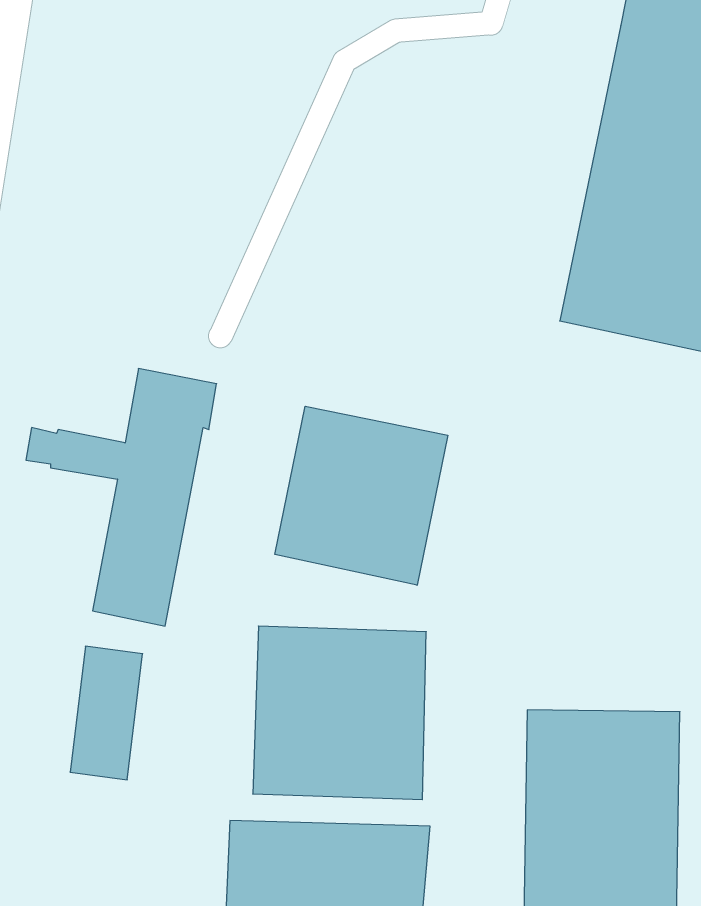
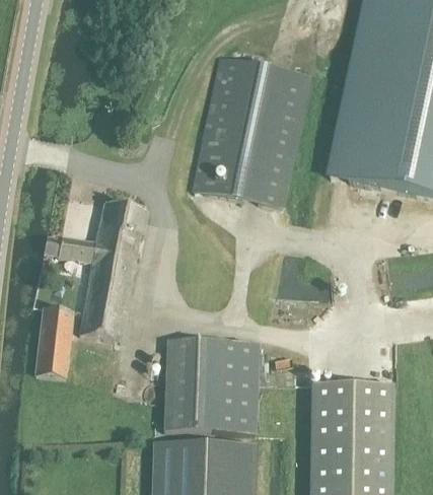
building: none -> [196,54,311,205]
building: [275,406,448,585] -> none
building: [70,646,143,780] -> [35,303,74,374]

